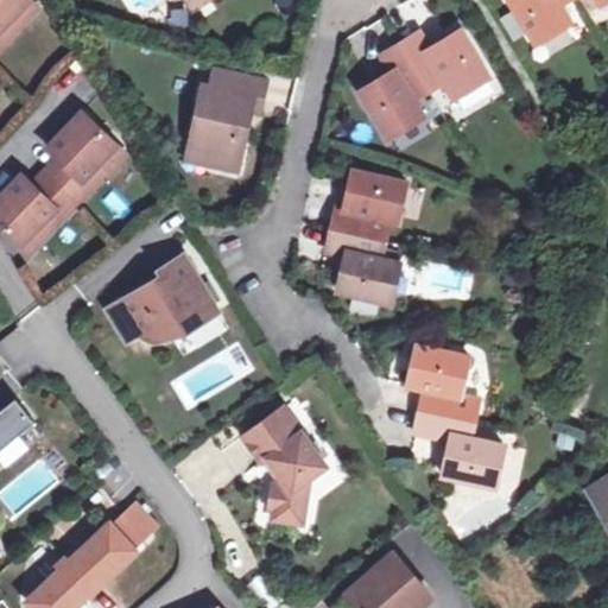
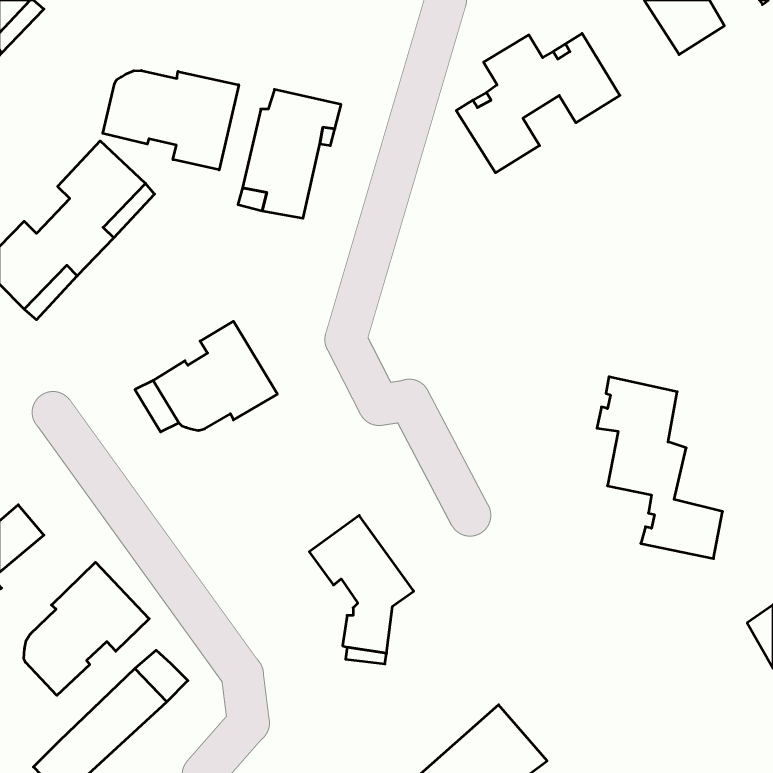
building: none -> [103,70,239,170]
building: [322,169,405,306] -> none
building: [410,344,508,487] -> [597,377,723,559]
building: none -> [24,562,149,695]

